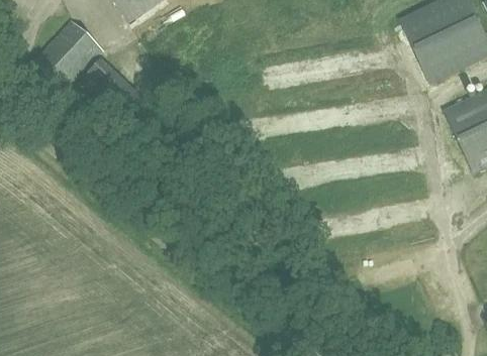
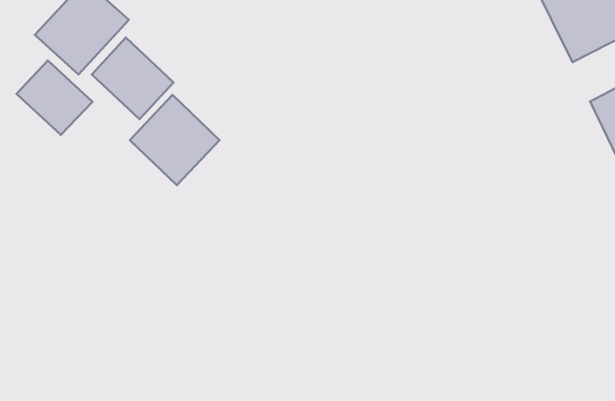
building: none -> [16,61,92,135]
building: none -> [130,95,220,185]

